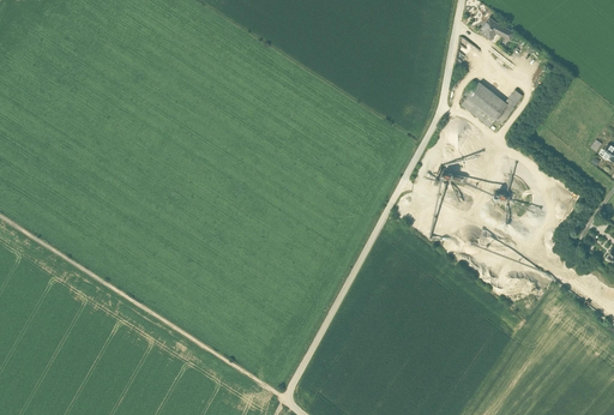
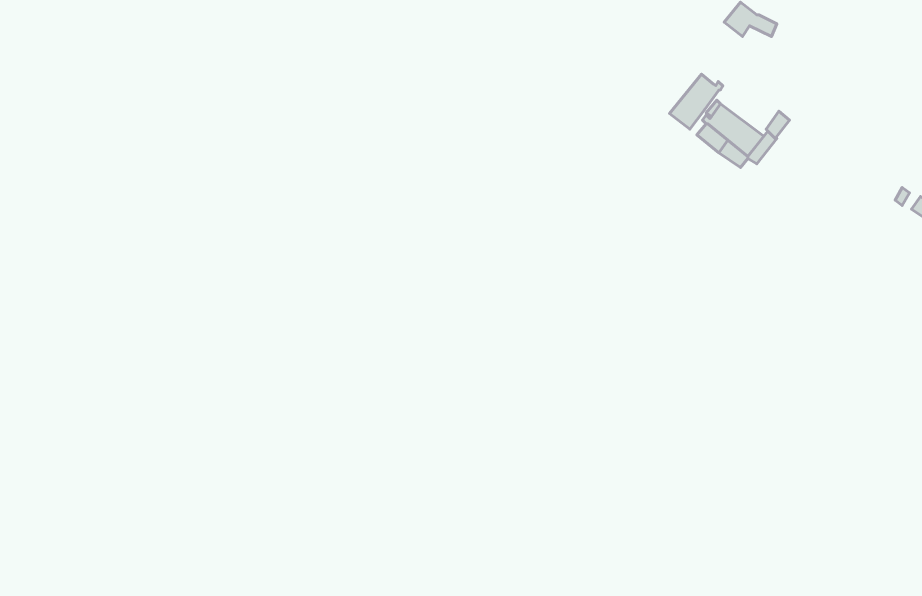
building: none -> [669,74,723,129]

